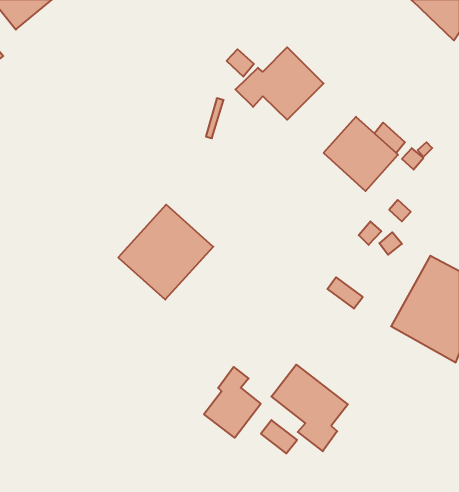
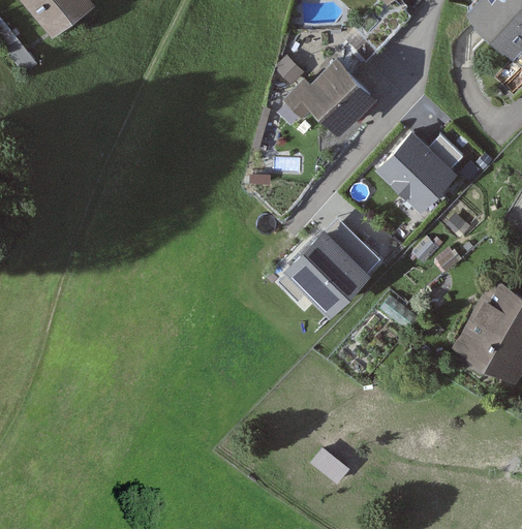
building: [118,205,213,300] -> [284,215,385,315]
building: [271,365,348,451] -> none
building: [204,367,261,438] -> none

